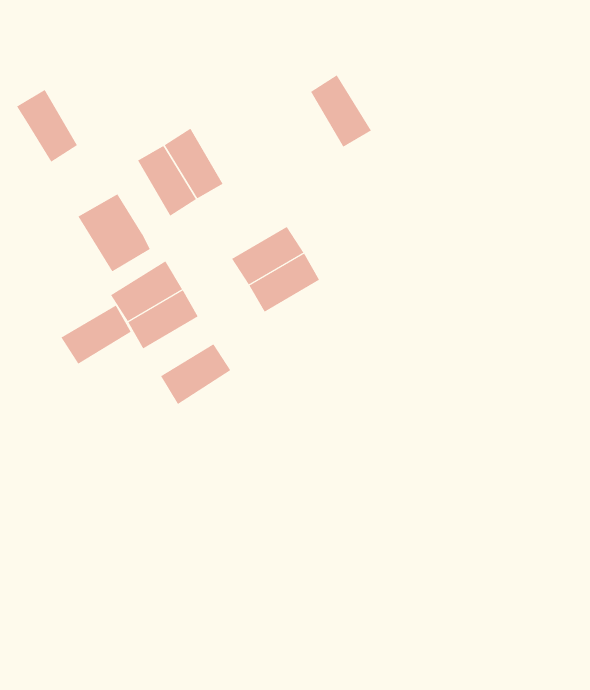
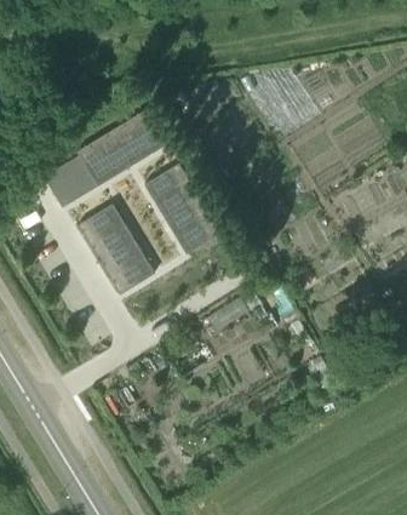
building: [310,75,372,148] -> [128,109,167,155]
building: [16,89,78,162] -> [76,141,115,187]
building: none -> [144,164,189,202]
building: none -> [174,216,220,254]
building: [60,305,132,364] -> [98,239,143,276]

